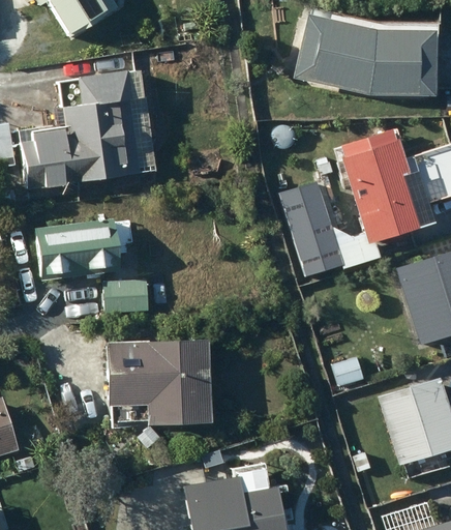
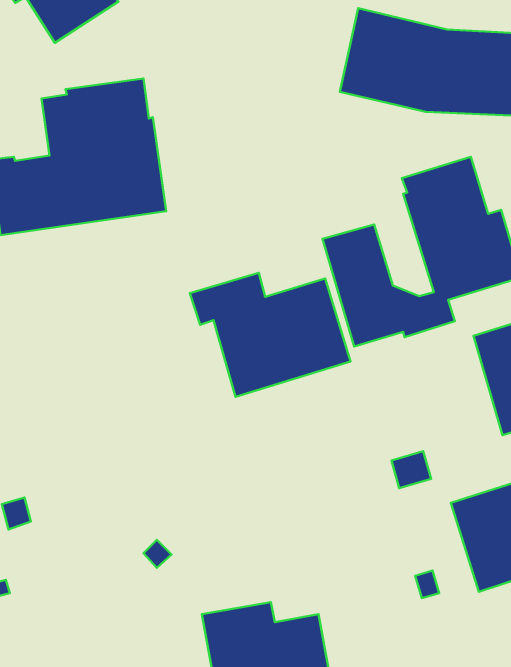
building: [36,216,121,282] -> none
building: none -> [190,273,350,397]
building: [103,278,150,314] -> none
building: [107,338,210,423] -> none

